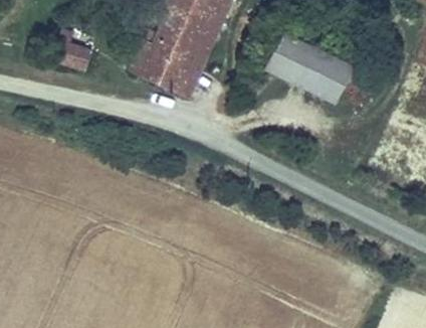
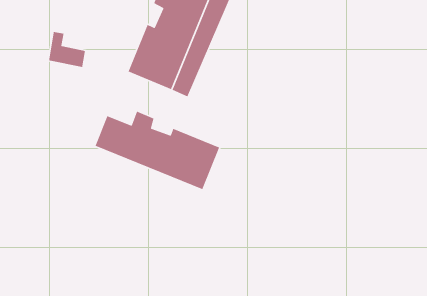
building: [268,28,356,97] -> none
building: none -> [95,111,220,190]

